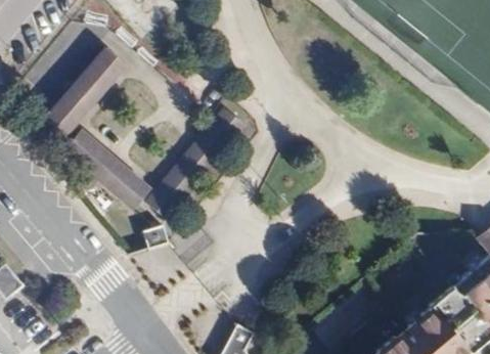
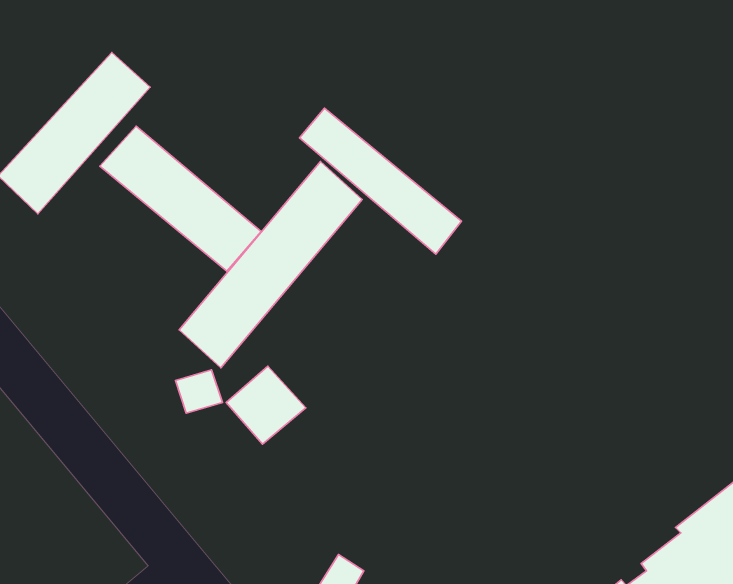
building: none -> [299,108,462,254]
building: [63,125,154,207] -> [100,126,261,271]

